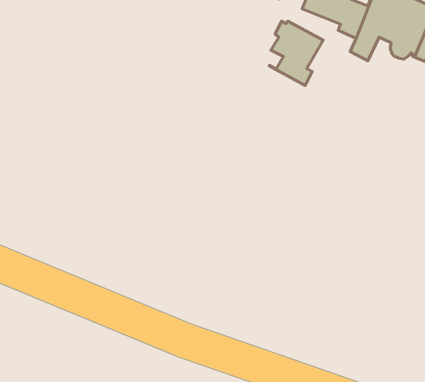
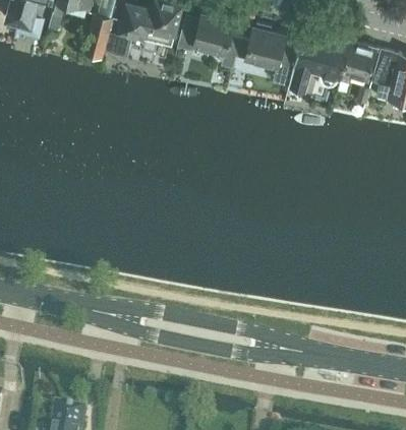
building: [269,21,323,85] -> none

